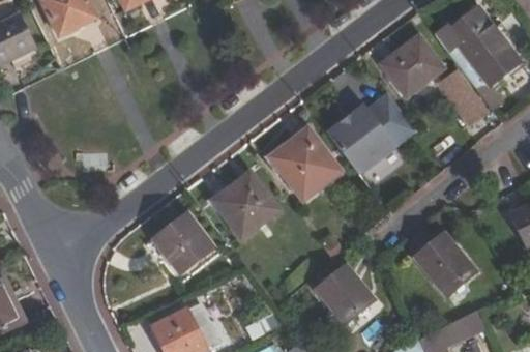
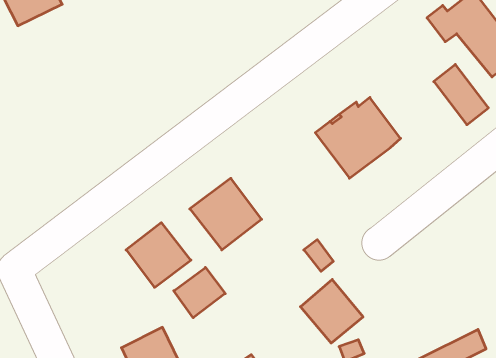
building: [382,35,443,95] -> none
building: [272,135,331,198] -> none
building: [414,233,478,298] -> none
building: none -> [174,267,225,318]

